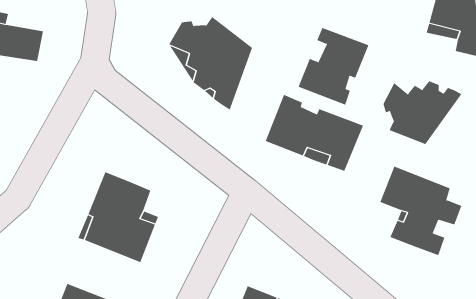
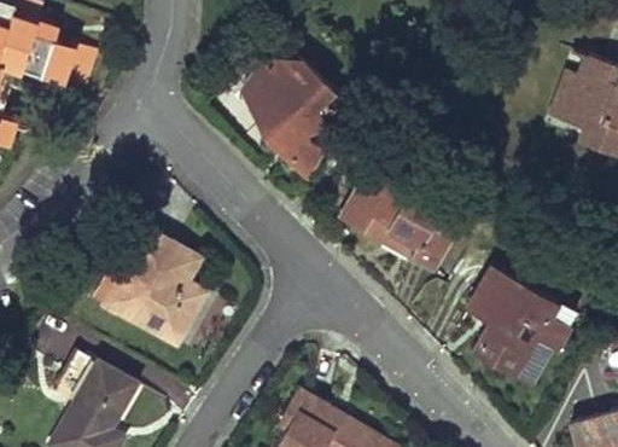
building: [298,27,369,106] -> none
building: [383,80,462,145] -> none

